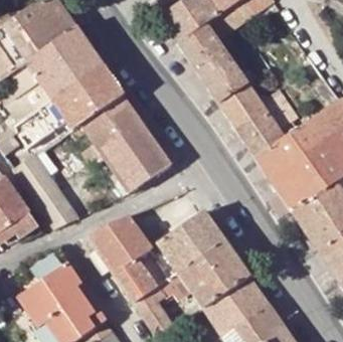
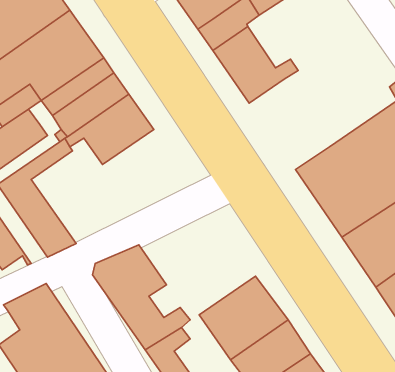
building: [219,84,284,157] -> none
building: [102,125,171,194] -> none
building: [158,212,224,274] -> none

